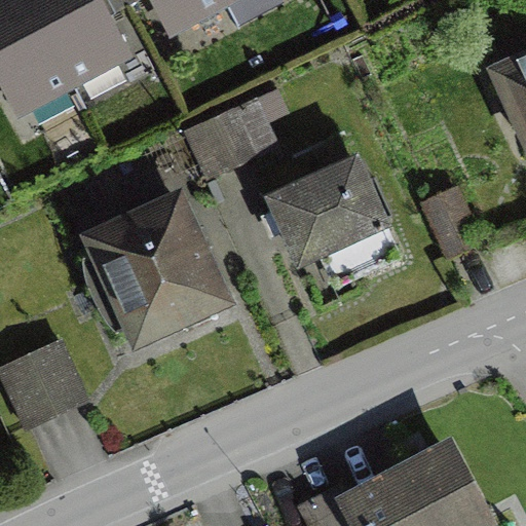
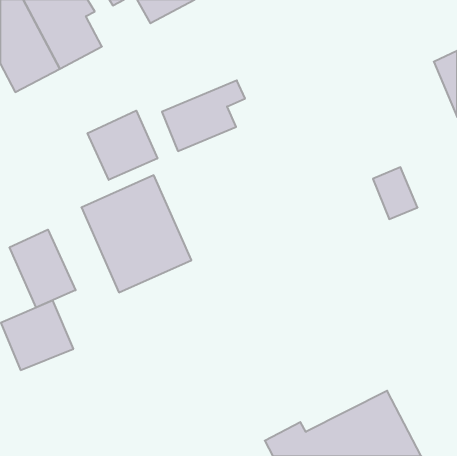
building: none -> [88,111,157,180]
building: [274,162,396,279] -> none
building: none -> [10,230,76,308]

